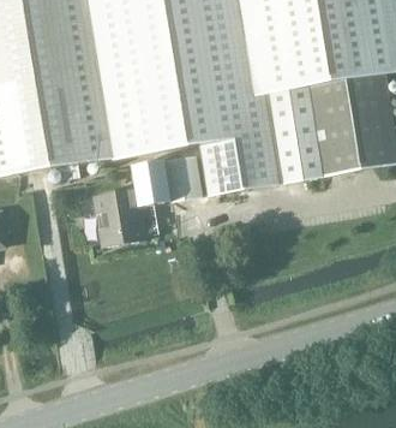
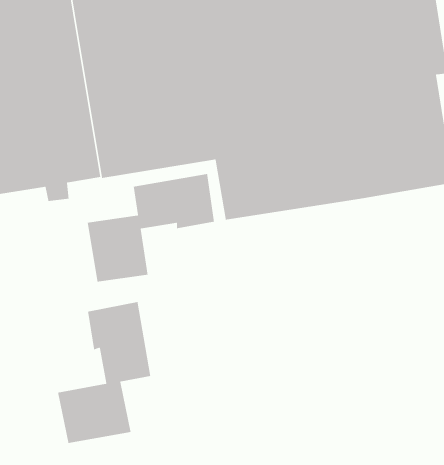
building: none -> [57,301,151,444]

